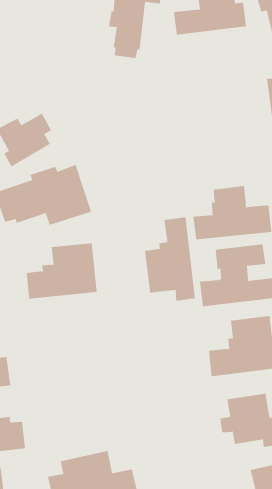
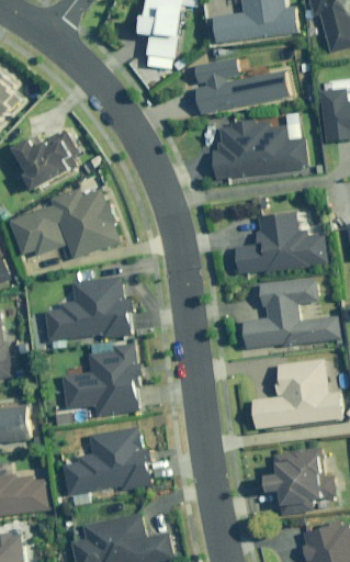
building: none -> [194,57,287,114]
building: none -> [212,119,304,184]
building: [144,216,196,301] -> none
building: none -> [64,342,139,415]
building: none -> [64,426,149,494]

